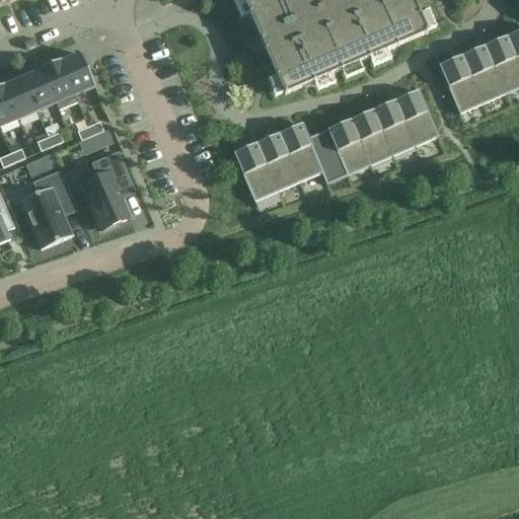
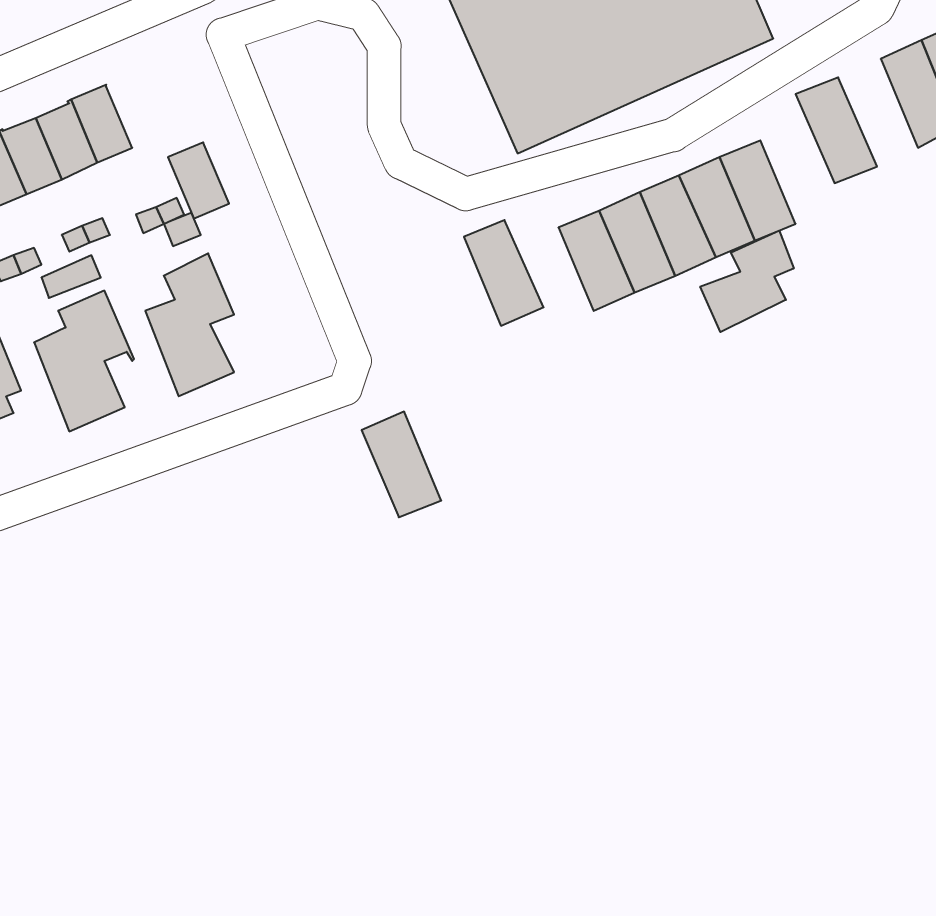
building: [461,45,505,103] -> none
building: [61,52,94,93] -> [168,142,229,218]
building: [279,123,322,180] -> none
building: none -> [700,231,794,332]
building: [233,142,277,200] -> [362,412,441,517]

